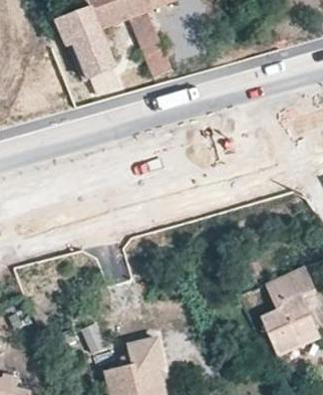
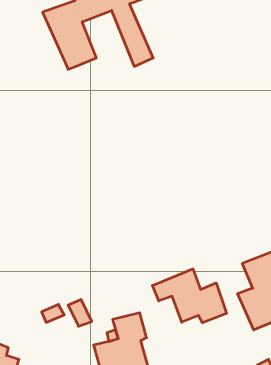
building: none -> [152,269,227,323]

